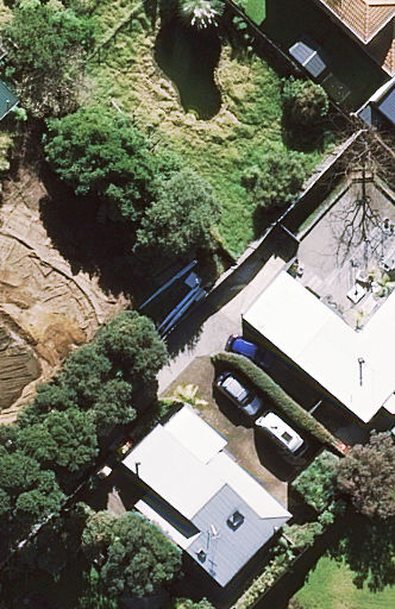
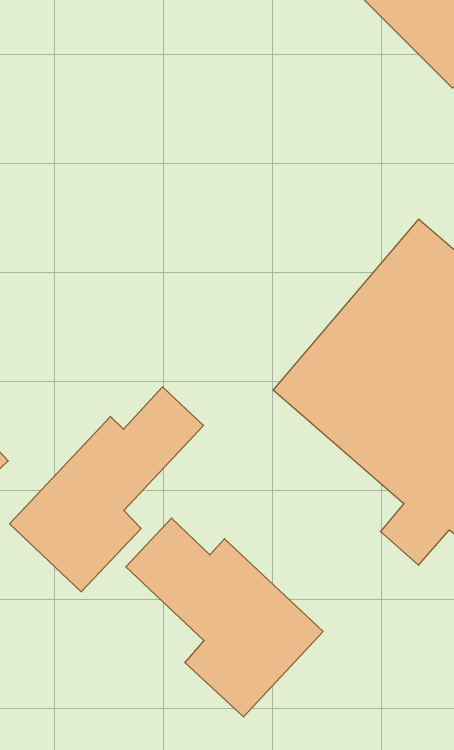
building: none -> [10,387,204,592]

